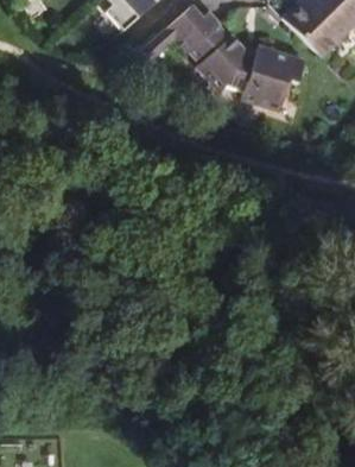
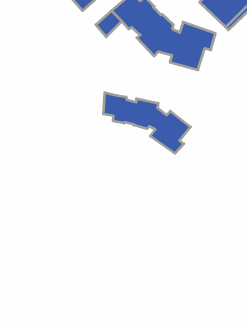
building: none -> [103,93,191,153]

